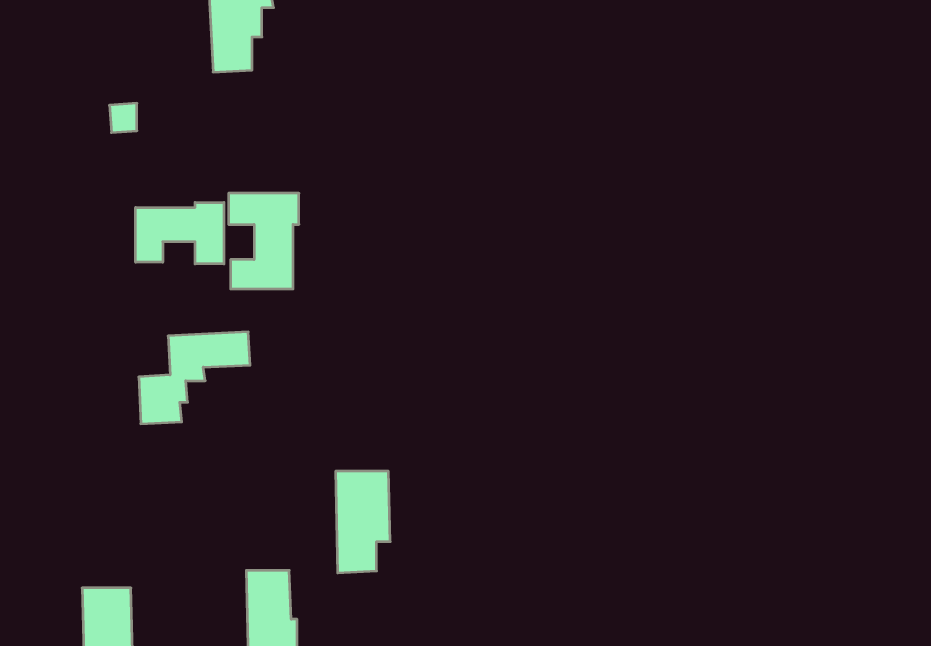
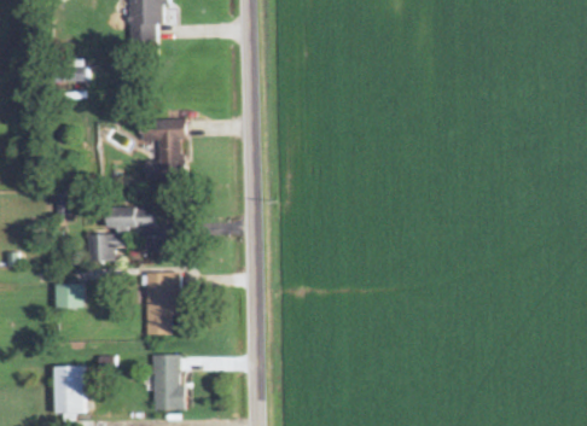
building: [136,202,224,264] -> none
building: none -> [54,284,82,309]
building: [336,471,390,573] -> [146,273,180,335]

